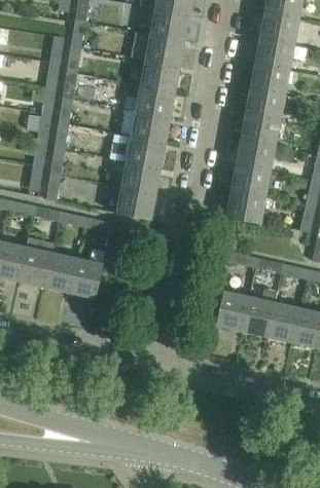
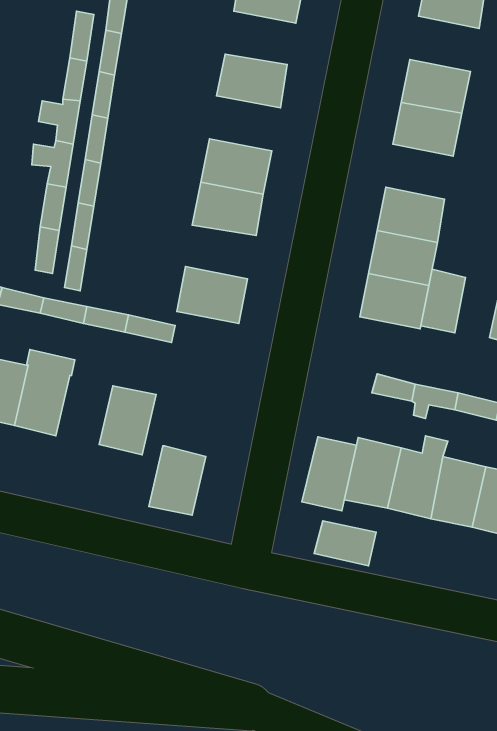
building: [143,35,185,67] -> none
building: [253,38,294,71] -> none
building: [126,83,176,118] -> none
building: [239,114,279,147] -> none
building: [119,162,162,194] -> none
building: none -> [421,269,466,333]
building: [42,252,76,293] -> [149,446,206,515]
building: none -> [302,437,356,511]
building: none -> [314,521,376,566]

